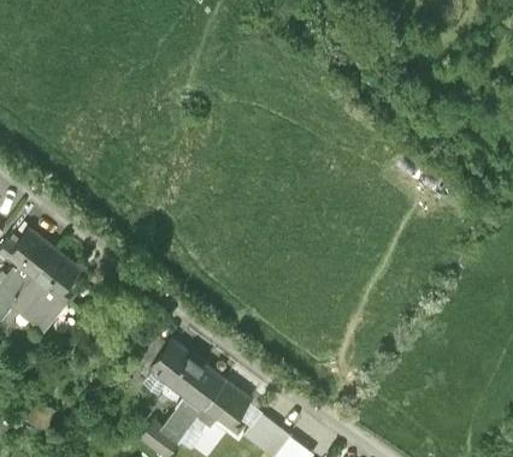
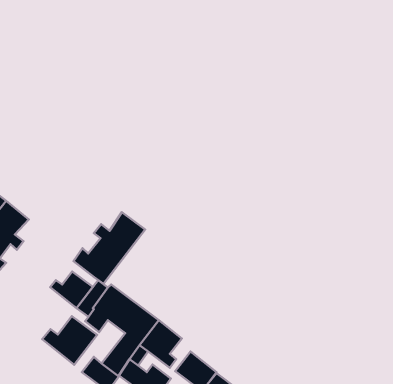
building: none -> [74,212,145,284]
building: none -> [50,271,93,308]
building: none -> [42,316,97,365]

